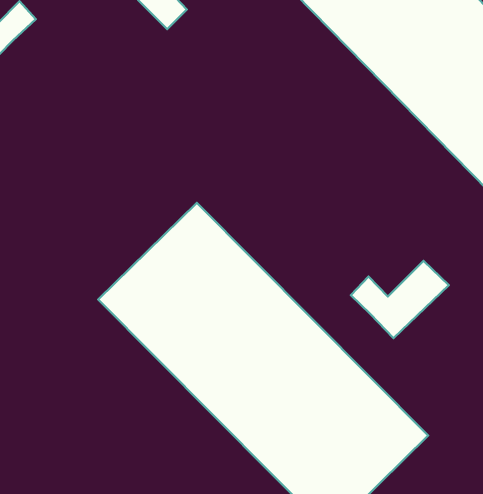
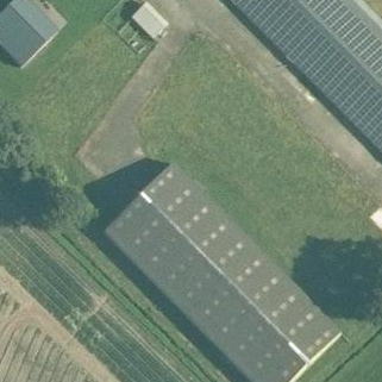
building: [351,261,449,338] -> none

